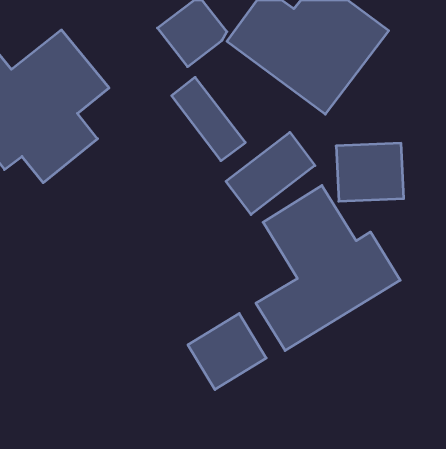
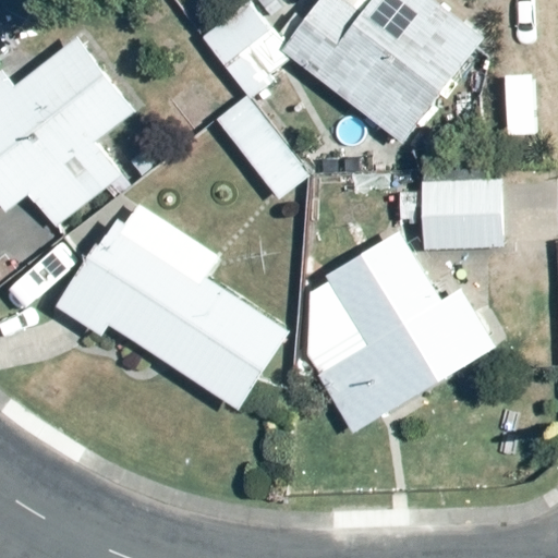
building: [226,132,315,215] -> none
building: none -> [57,194,294,412]
building: [188,313,266,390] -> none

